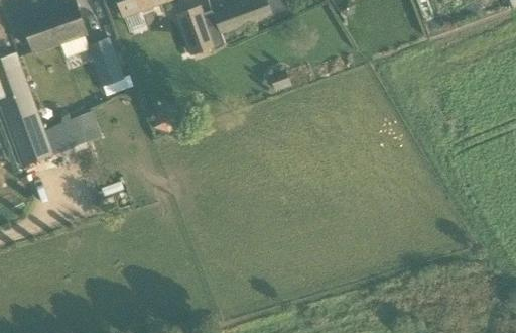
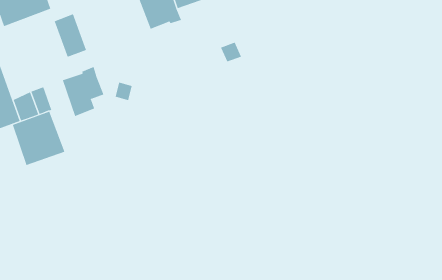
building: none -> [62,66,104,117]
building: none -> [12,111,65,166]

